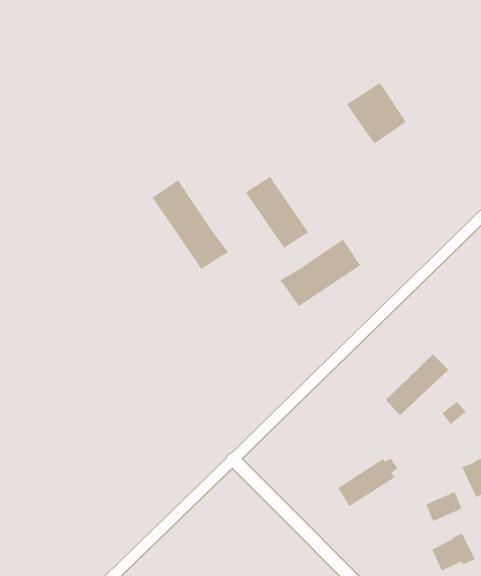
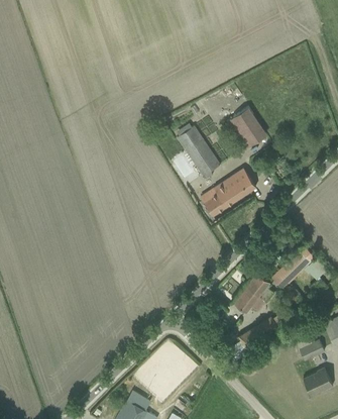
building: [346,82,407,144] -> [225,107,266,149]
building: [152,179,229,270] -> none
building: none -> [234,274,273,312]

